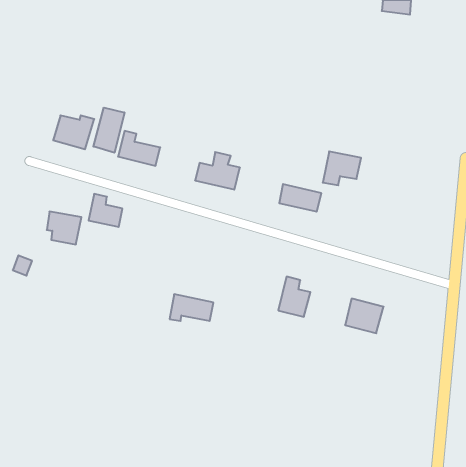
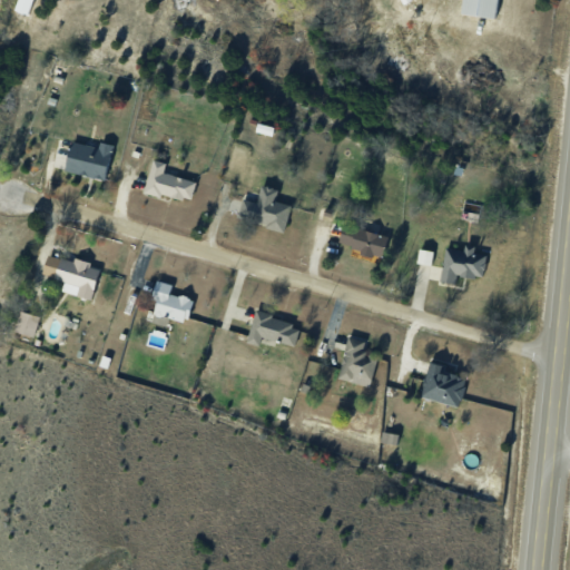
building: [93,108,124,153] -> none
building: [323,151,361,185] -> [440,245,487,286]
building: [89,194,122,227] -> [150,282,191,322]
building: [170,294,213,321] -> [247,313,301,345]

